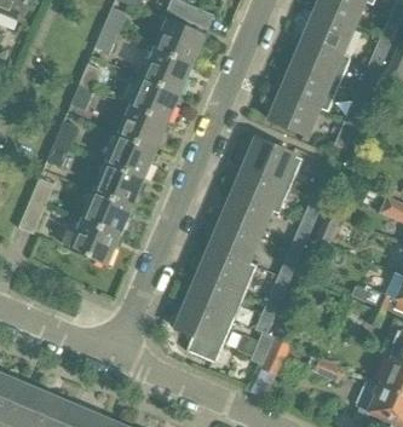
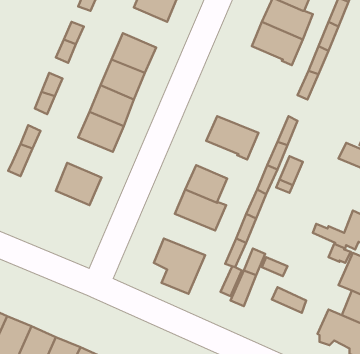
building: [143,48,191,92] -> none
building: [271,91,317,135] -> none
building: [246,139,301,185] -> none
building: [82,190,132,233] -> none
building: [223,194,269,235] -> none
building: [188,273,243,318] -> none

